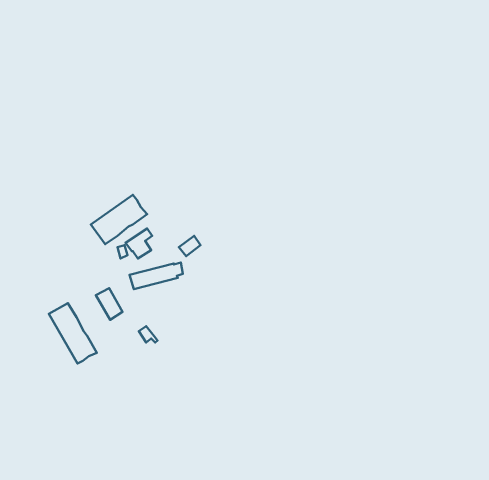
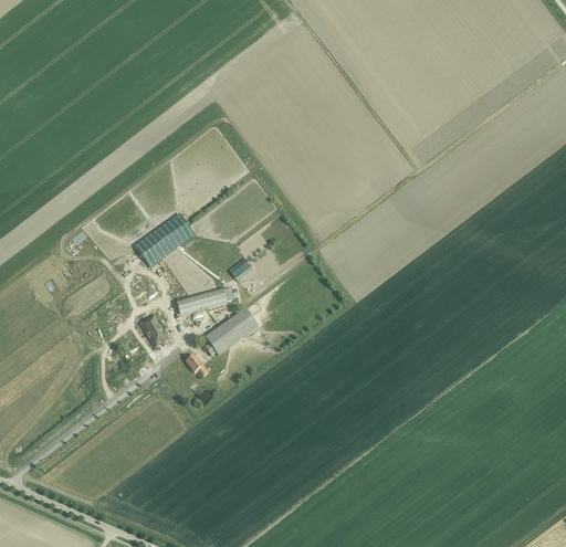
building: none -> [205,308,259,355]
building: [49,303,97,363] -> none

